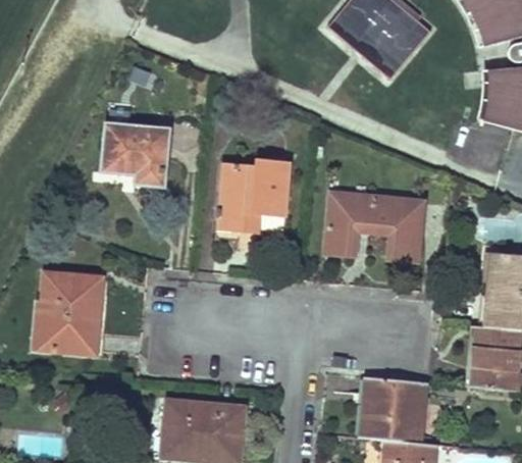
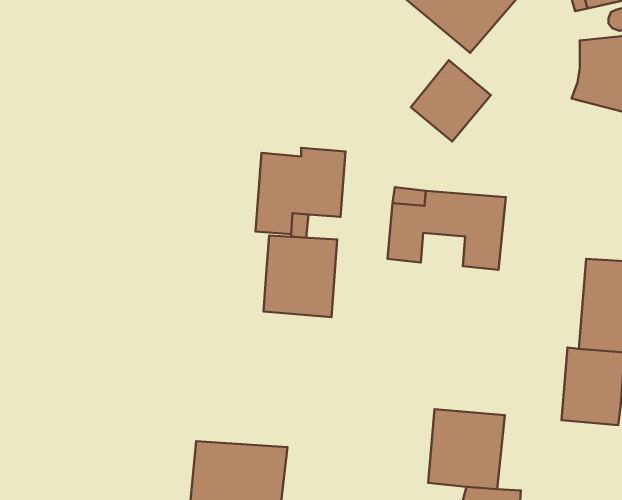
building: none -> [411,60,491,141]
building: [102,122,167,185] -> none
building: none -> [264,236,337,317]
building: [36,272,102,352] -> none

